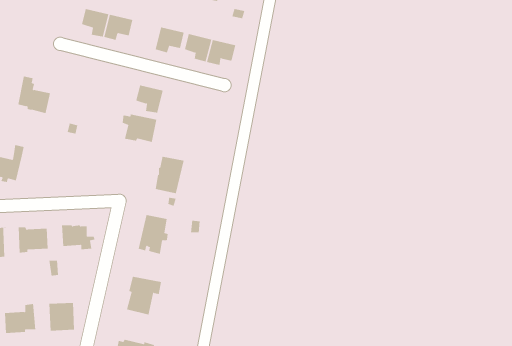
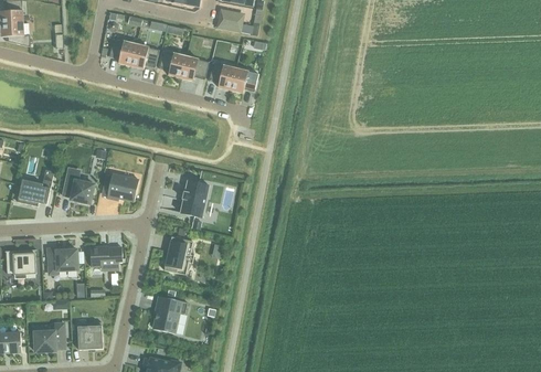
building: [18,76,51,114] -> [61,166,93,202]
building: [135,85,163,113] -> [157,49,184,76]
building: [122,114,157,142] -> [103,172,137,200]

